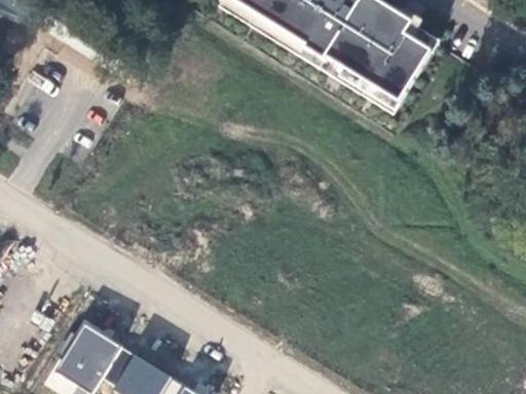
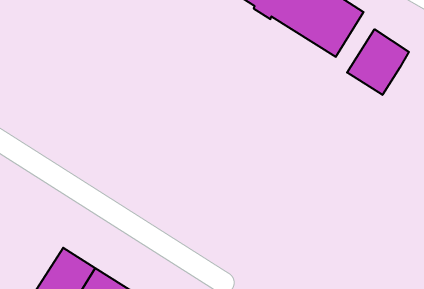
building: none -> [347,29,409,95]

